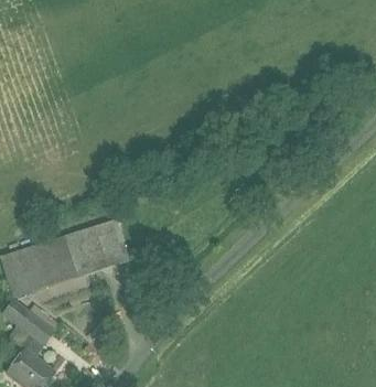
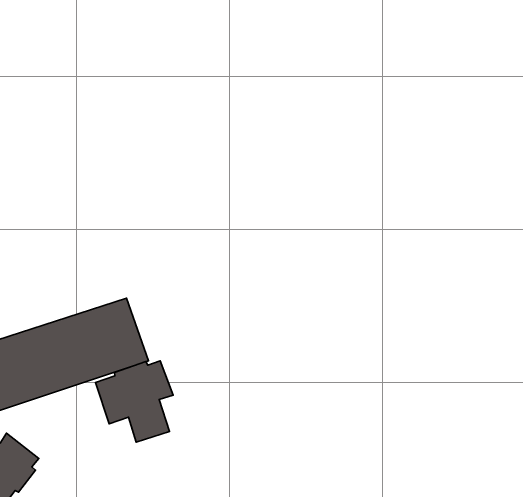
building: none -> [95,361,173,442]

